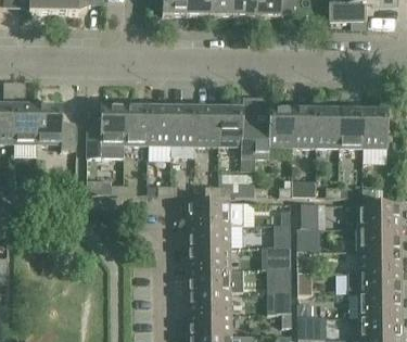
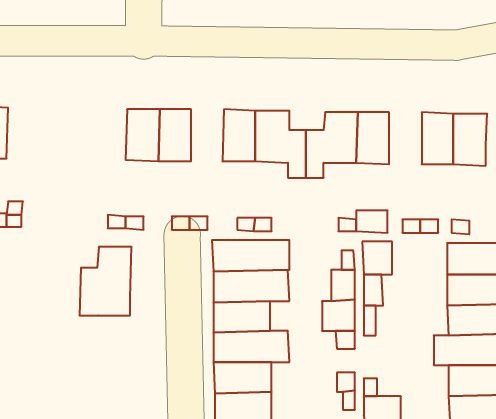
building: [37,105,75,149] -> none
building: [87,106,125,156] -> [79,247,132,315]
building: [171,106,195,155] -> none
building: [316,109,340,147] -> none

